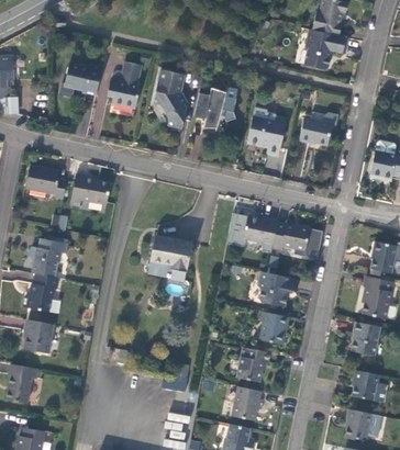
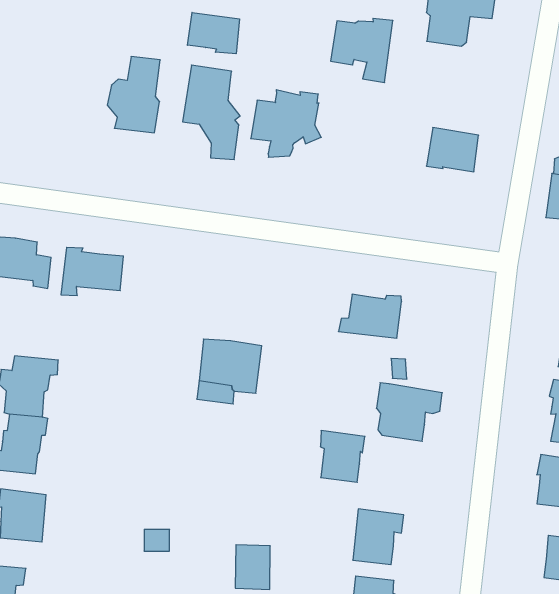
building: none -> [187,12,239,54]
building: [65,64,102,95] -> none
building: [247,116,287,156] -> [331,18,393,83]
building: [273,222,310,249] -> none
building: [260,311,289,344] -> [320,431,365,482]

